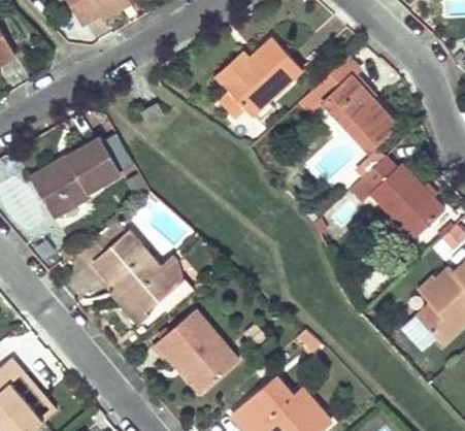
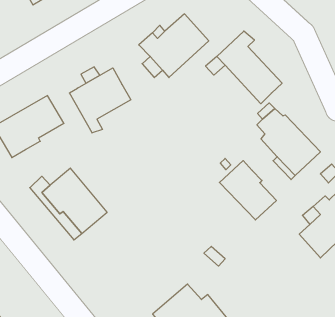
building: none -> [69,68,131,133]
building: none -> [219,161,276,220]
building: [157,310,238,394] -> none

